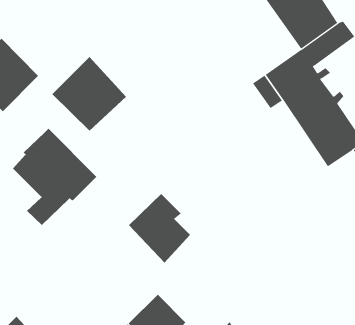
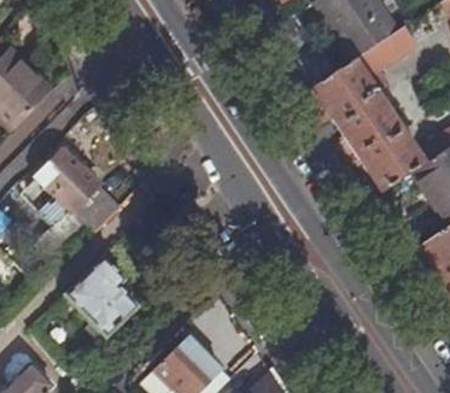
building: [51,56,127,132] -> none
building: [128,193,191,263] -> [65,257,136,336]

